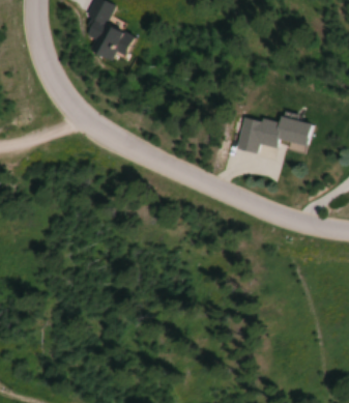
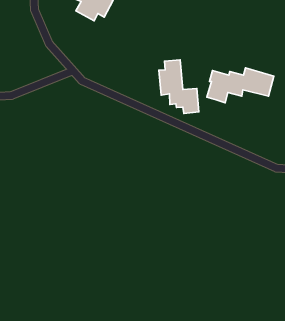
building: none -> [159,60,199,114]

